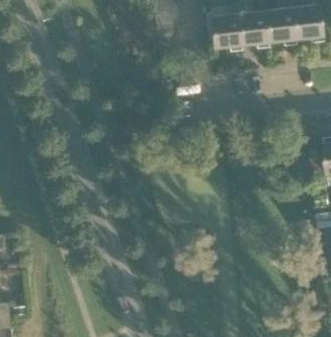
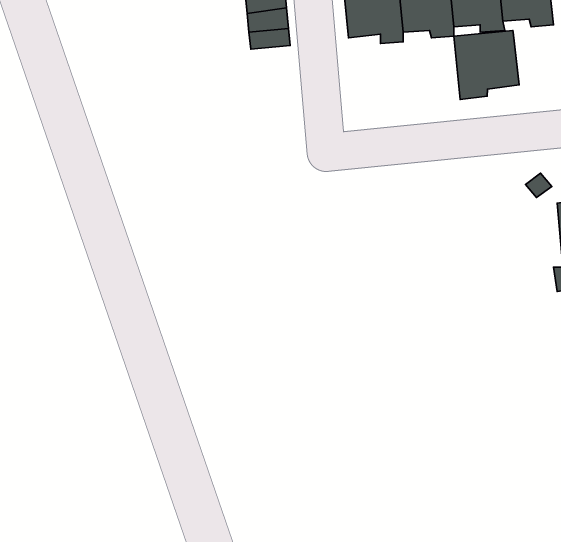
building: none -> [454,31,519,99]

